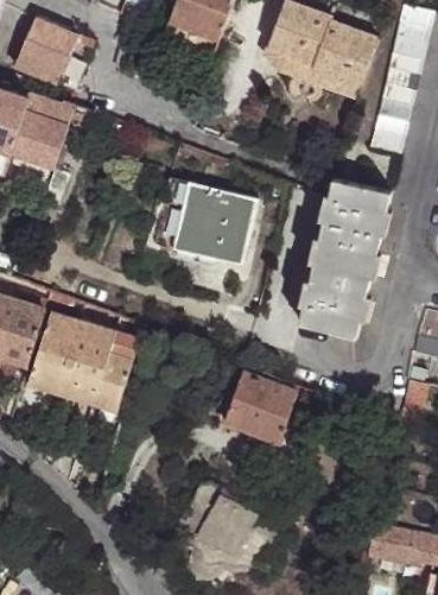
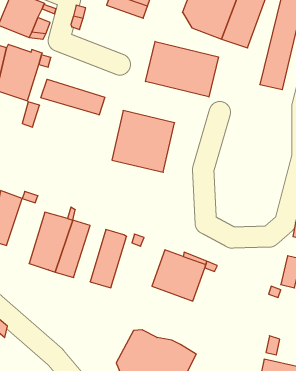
building: none -> [146,41,218,97]
building: none -> [41,79,105,115]
building: [298,178,392,338] -> none
building: [27,311,77,391] -> [90,230,127,288]

